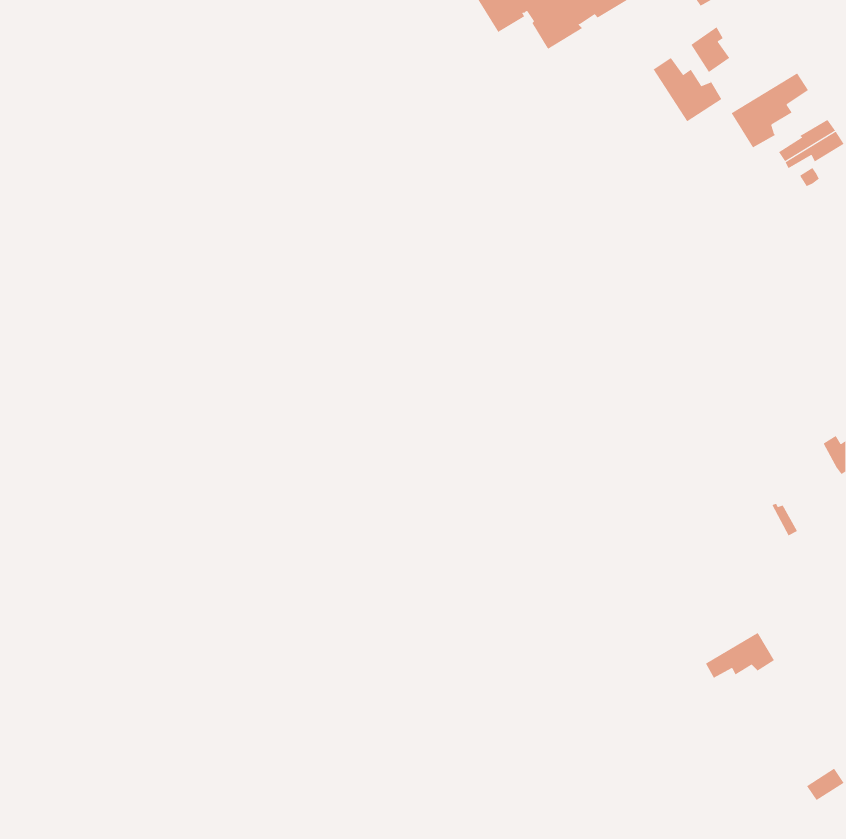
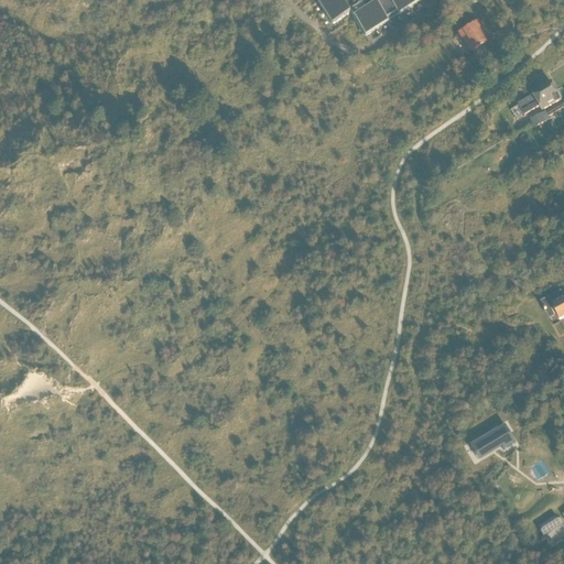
building: [653,57,722,122] -> none
building: [731,72,809,148] -> none

